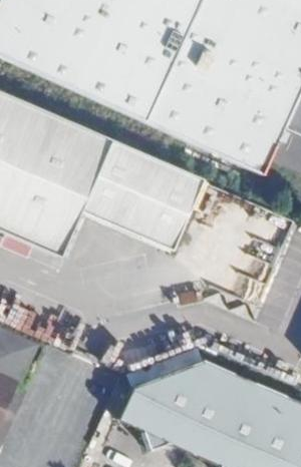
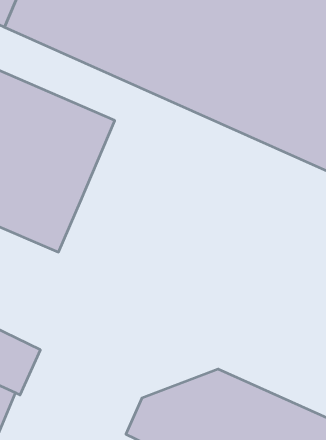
building: [76,136,199,247] -> none

